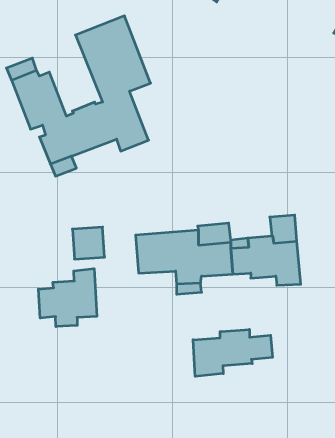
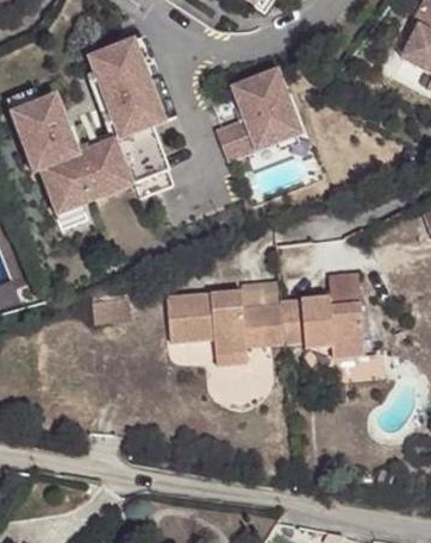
building: none -> [221,71,306,161]
building: [38,269,97,327] -> none
building: [193,329,272,376] -> none

